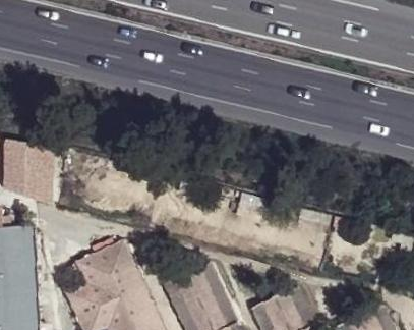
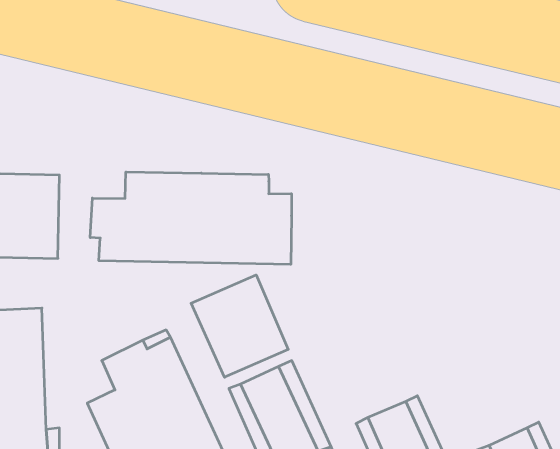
building: none -> [90,172,291,264]
building: none -> [191,275,288,377]

